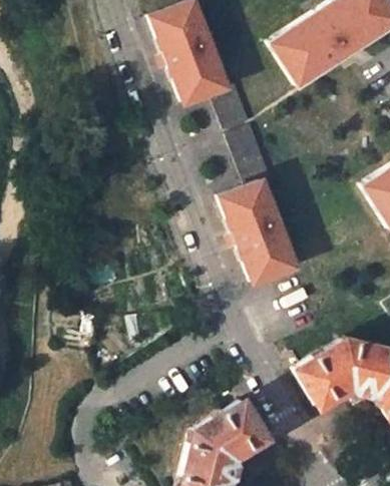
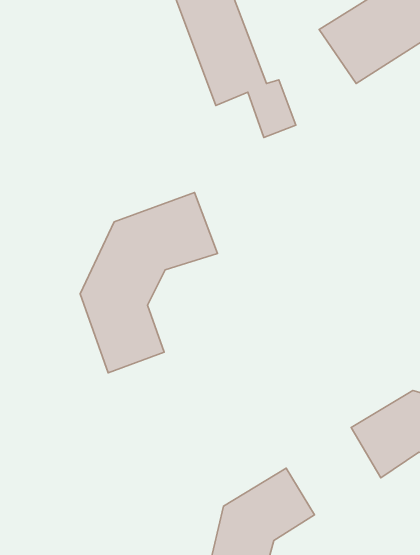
building: [223,128,295,285] -> none
building: none -> [80,192,218,373]

